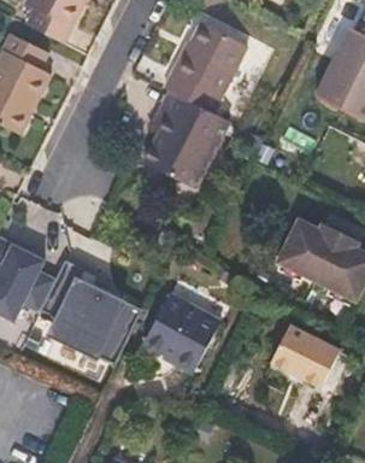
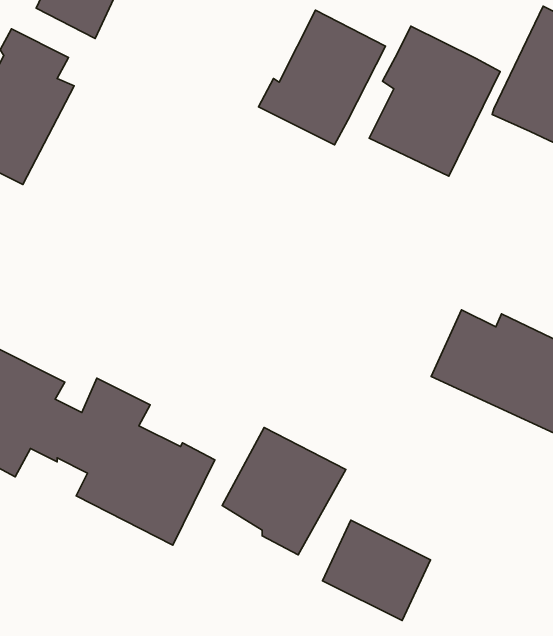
building: [147,92,230,187] -> [369,26,500,176]
building: [271,322,340,386] -> [322,520,431,621]

